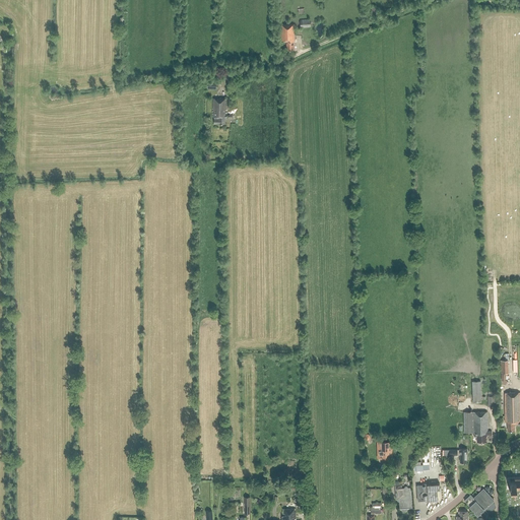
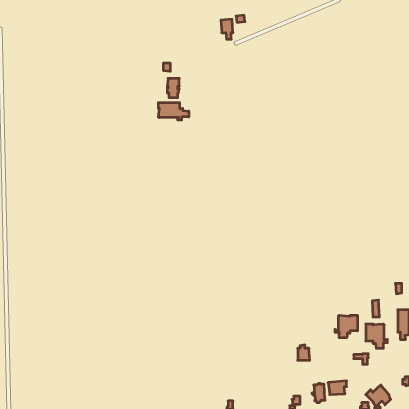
building: none -> [158,103,189,120]
building: none -> [335,315,357,338]

